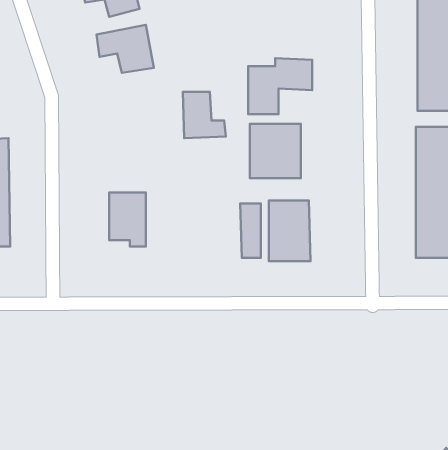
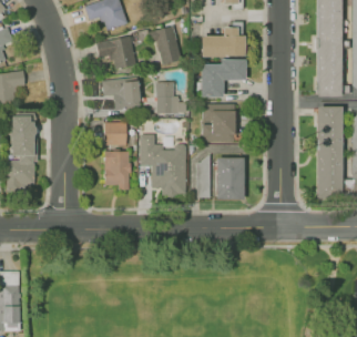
building: none -> [147,25,181,64]
building: none -> [201,28,244,57]
building: none -> [102,78,139,108]
building: none -> [104,123,126,145]
building: none -> [139,134,185,196]

